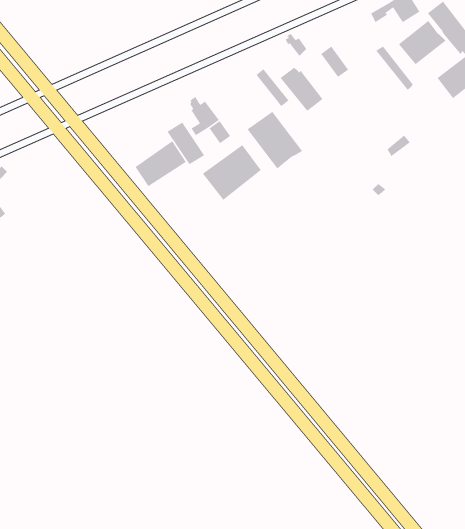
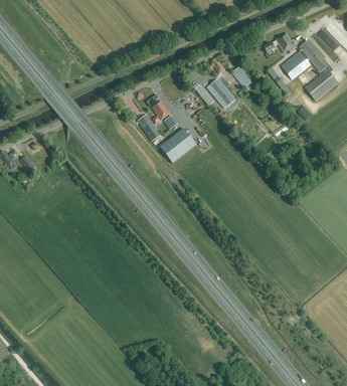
building: [246,111,303,169] -> none
building: [134,140,187,187] -> none

